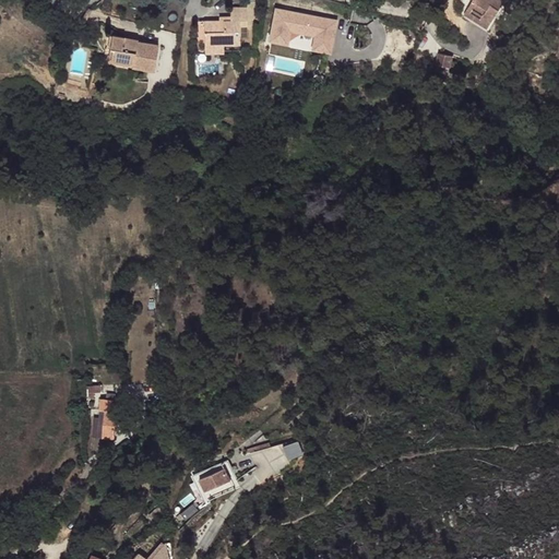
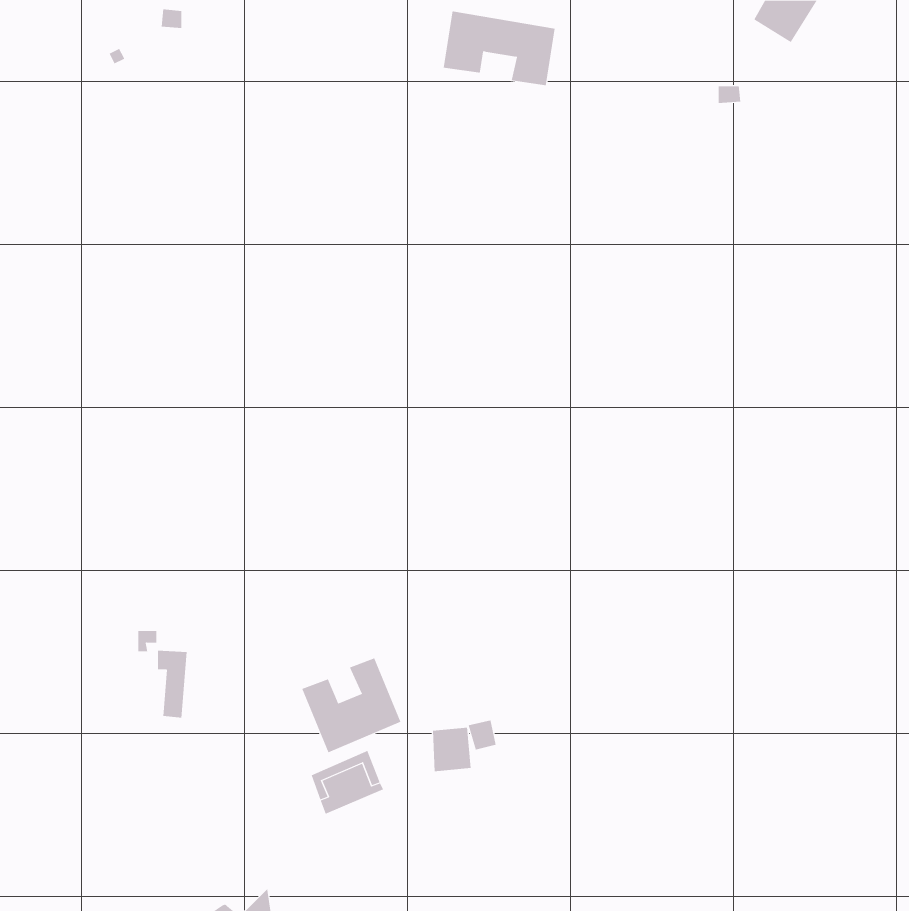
building: [200,5,242,46] -> none
building: [105,36,155,72] -> none
building: none -> [301,657,401,753]

